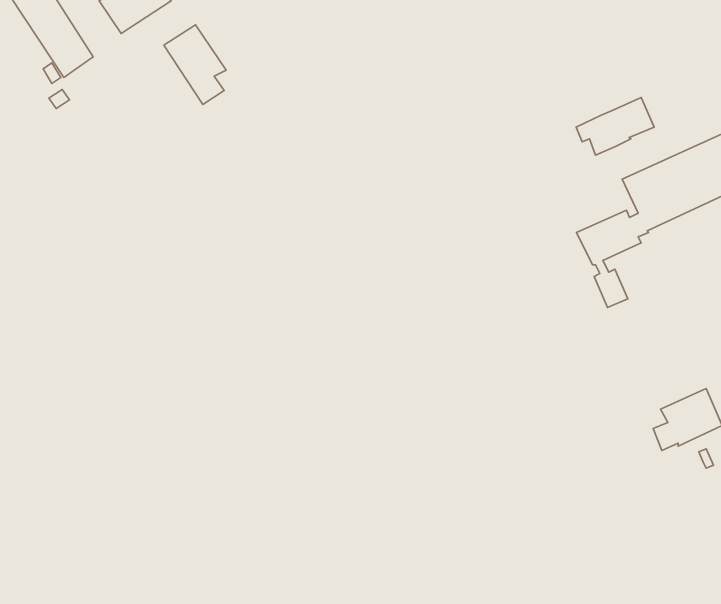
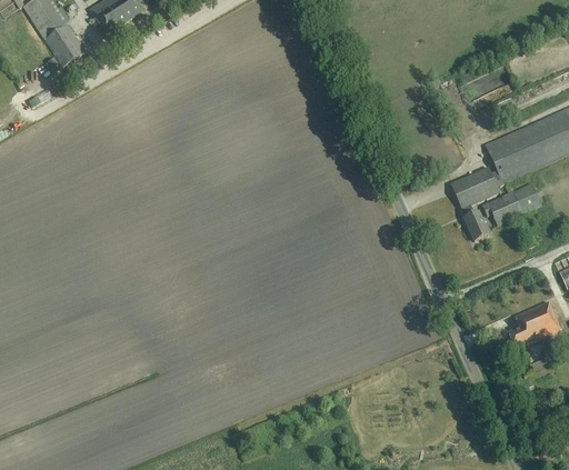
building: [164,25,226,105] -> none
building: [576,98,654,155] -> [482,182,541,226]

